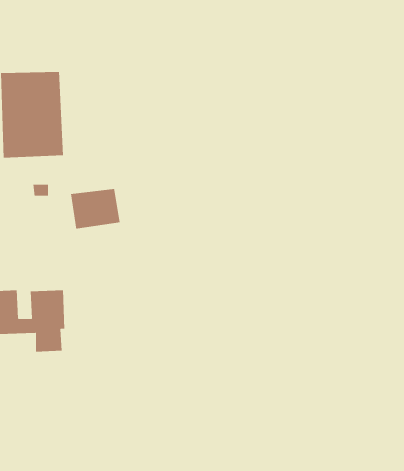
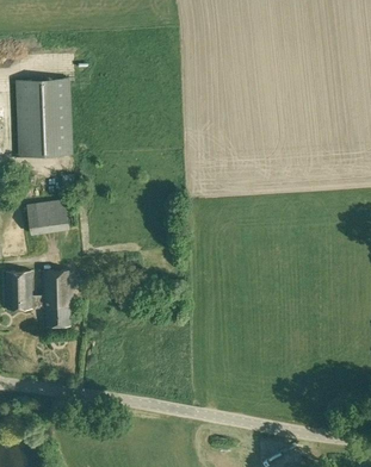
building: [70,188,120,229] -> [25,199,69,235]

